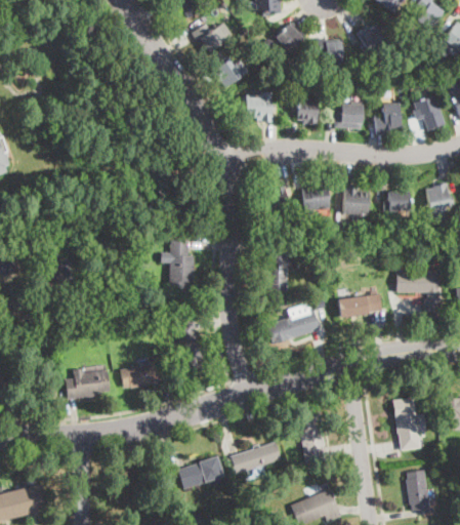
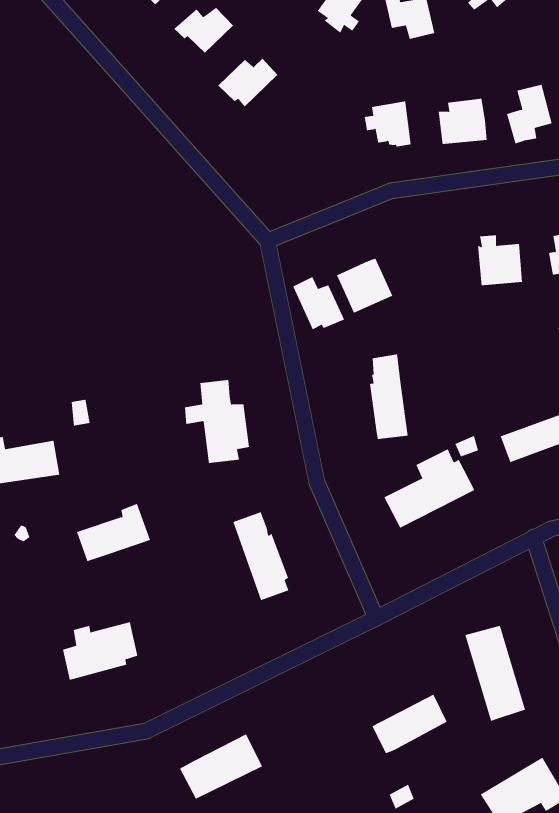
building: [242,93,271,123] -> none
building: [303,179,330,214] -> none
building: none -> [293,276,345,330]
building: [120,360,162,389] -> [76,503,151,562]
building: [177,456,225,489] -> [179,734,263,799]

